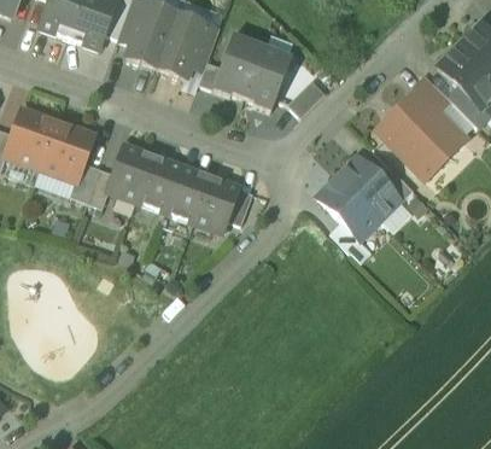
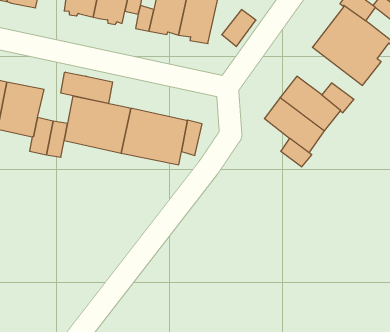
building: none -> [61,72,113,104]

